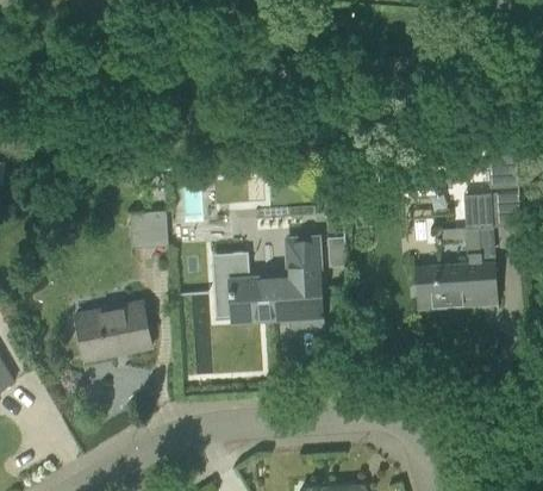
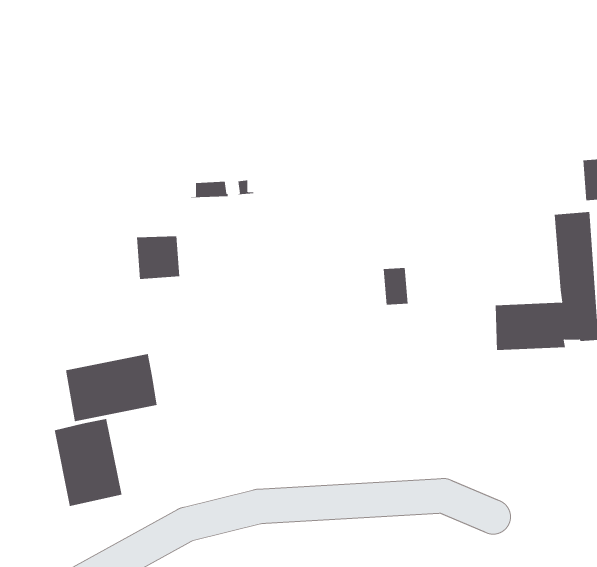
building: [211,240,323,329] -> none
building: none -> [54,418,122,507]

